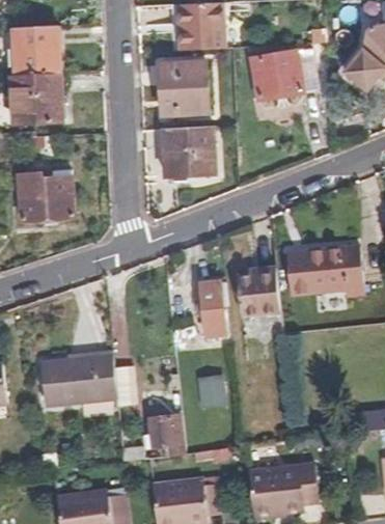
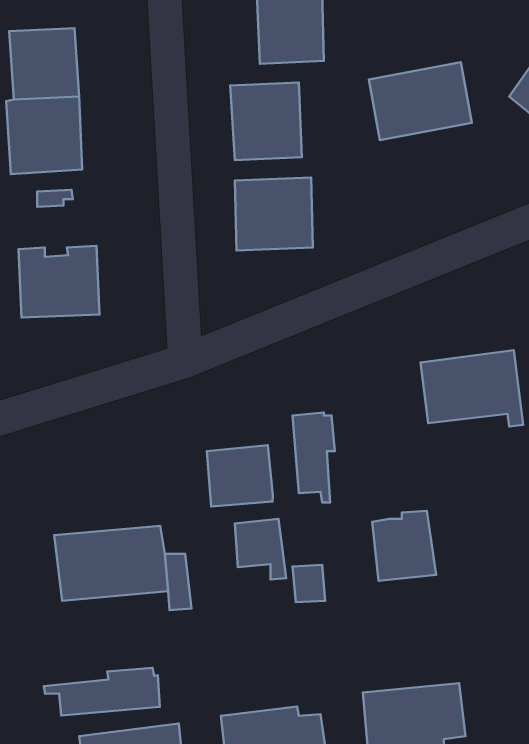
building: [239,273,281,320] -> [372,511,436,581]
building: none -> [207,445,273,506]
building: [153,416,187,457] -> [235,519,286,580]
building: none -> [44,668,160,715]

